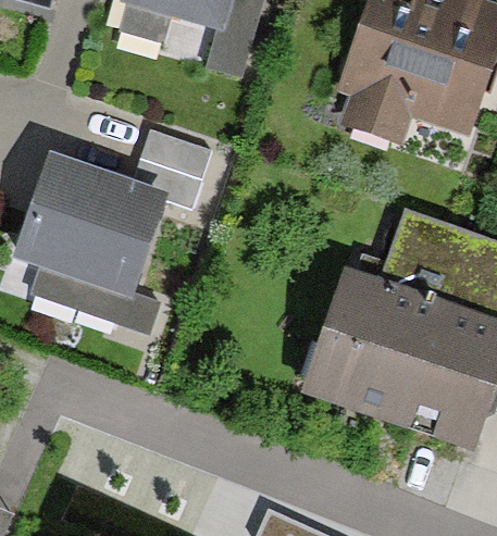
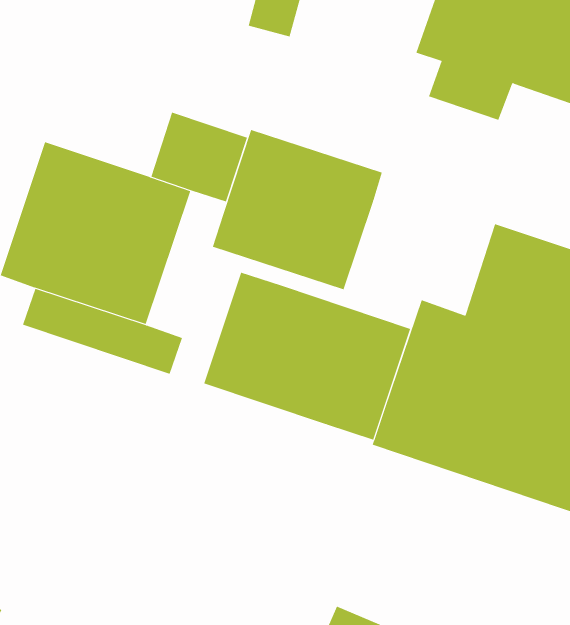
building: none -> [212,129,382,290]
building: none -> [204,272,411,440]

